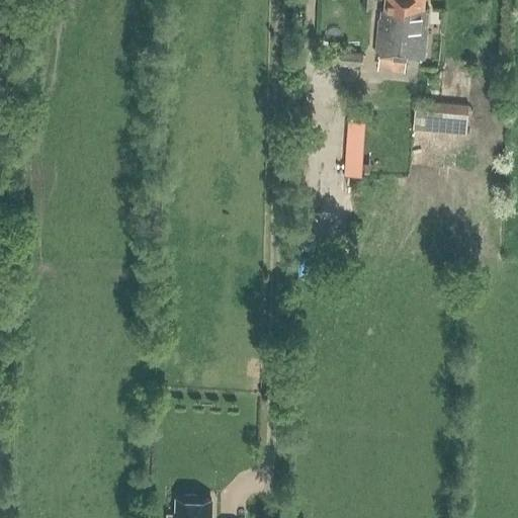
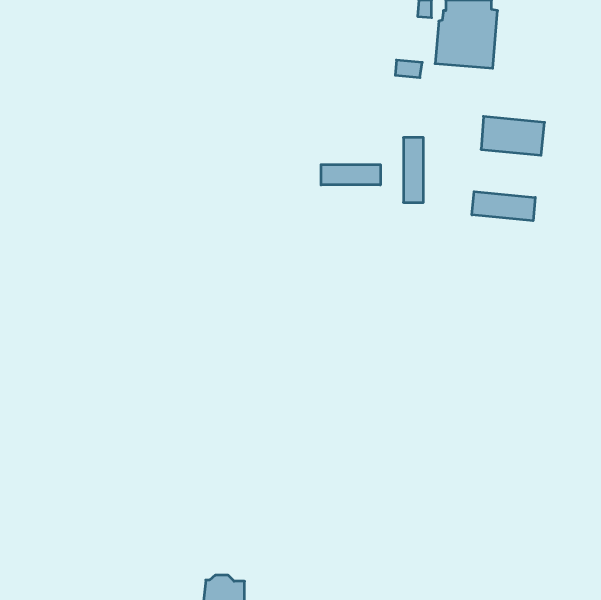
building: none -> [321,165,380,185]
building: none -> [472,192,535,221]

